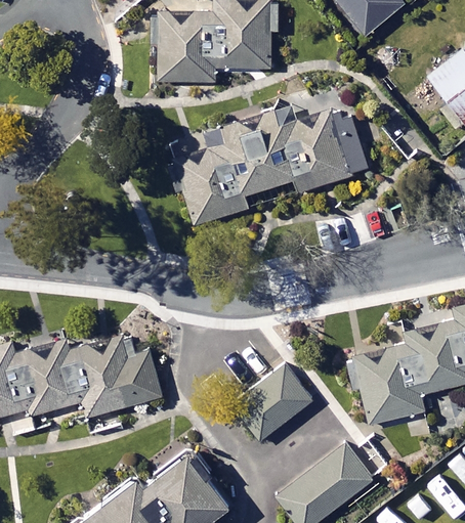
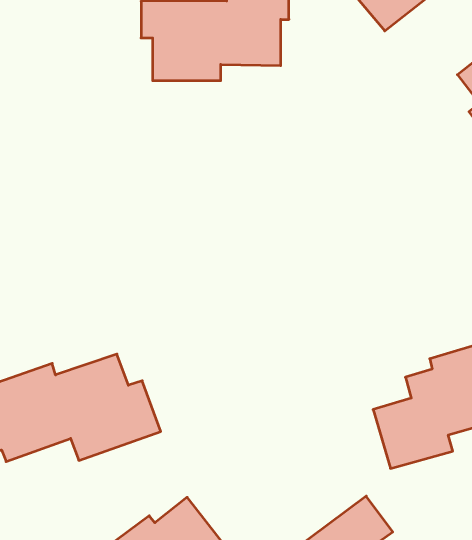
building: [172,89,371,228] -> none
building: [231,363,312,440] -> none

